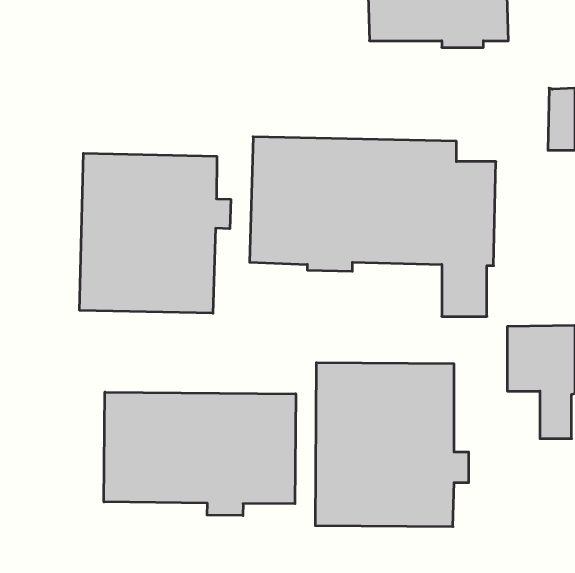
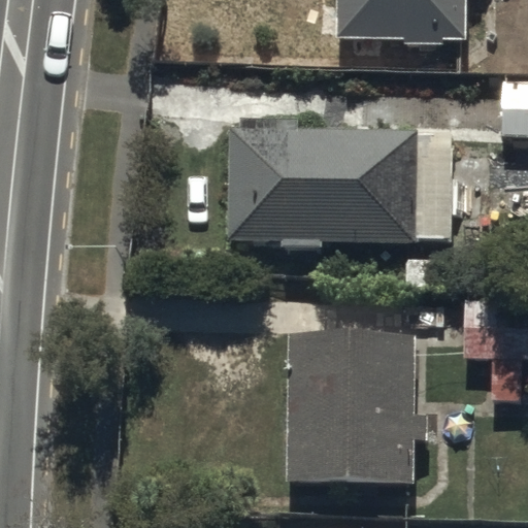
building: [80,153,231,313] -> none
building: [104,392,296,516] -> none

